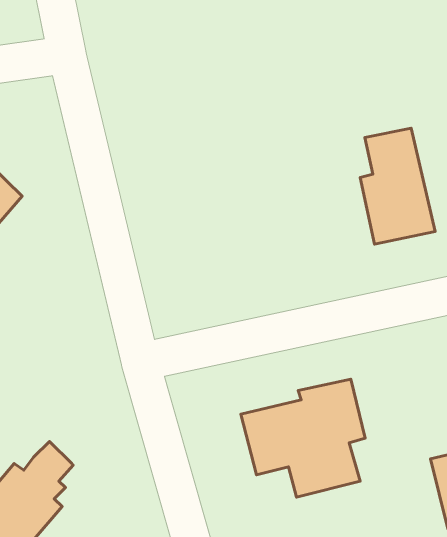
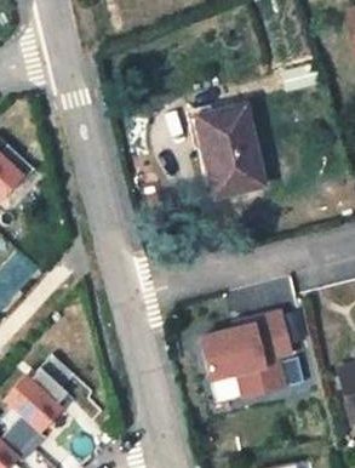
building: [360,128,435,244] -> [207,107,264,195]

